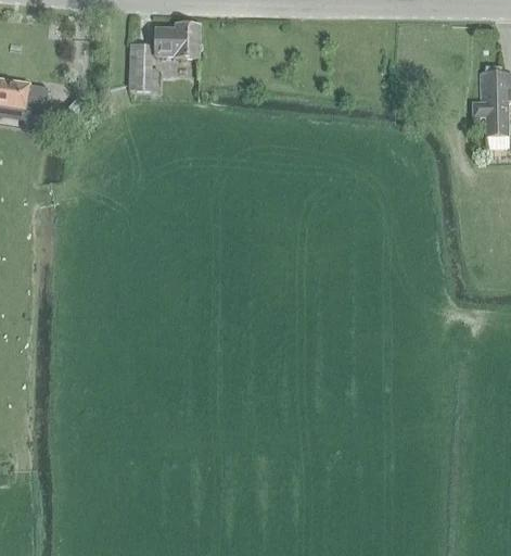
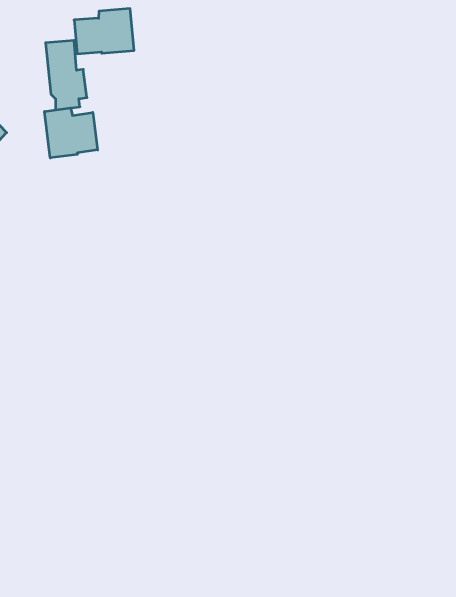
building: none -> [45,108,98,158]

